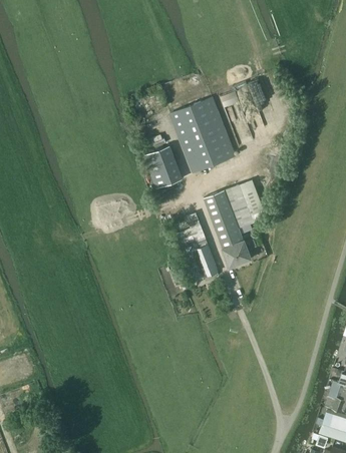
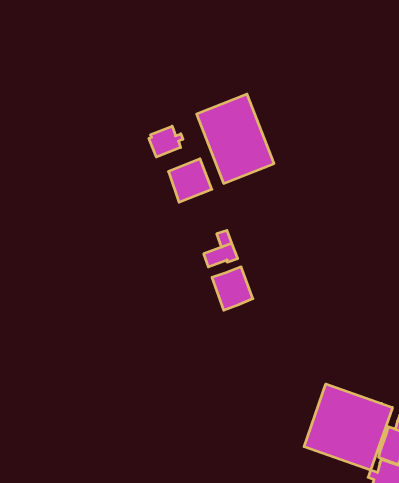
building: none -> [149,126,183,157]
building: [205,179,267,268] -> none
building: none -> [304,384,392,470]

